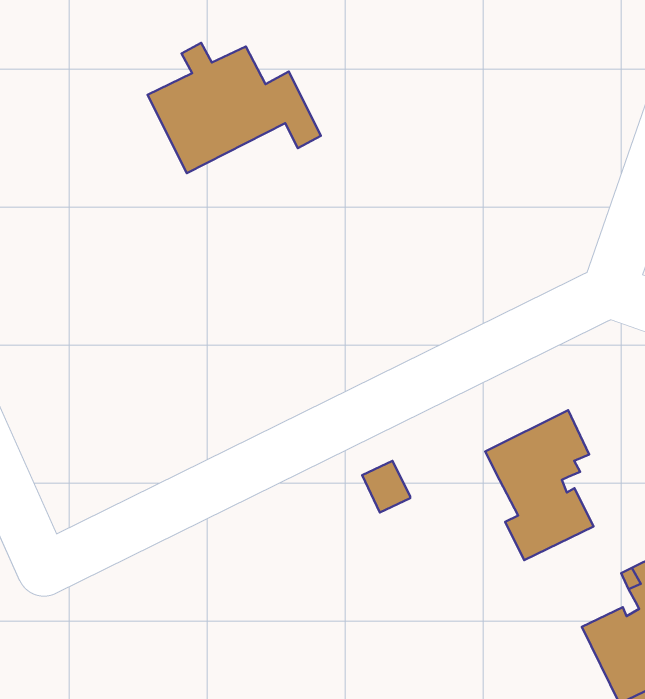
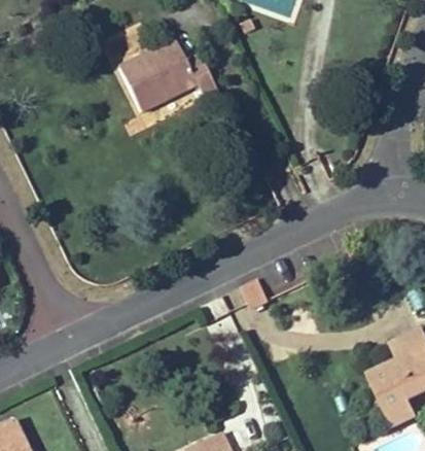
building: [485,410,593,560] -> none

